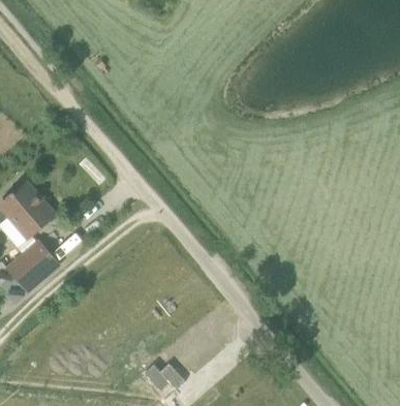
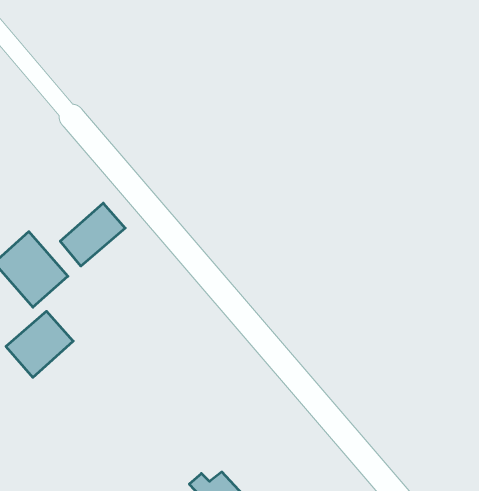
building: none -> [60,203,125,266]

